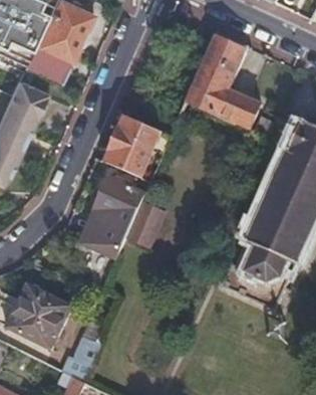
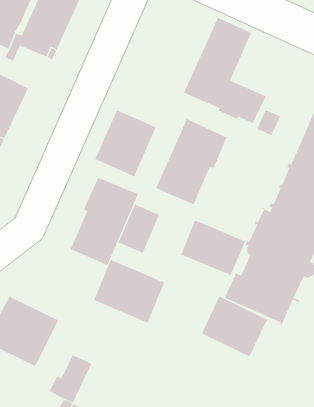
building: none -> [155,118,227,205]
building: none -> [181,219,246,276]
building: none -> [93,259,165,324]
building: none -> [201,295,268,357]

